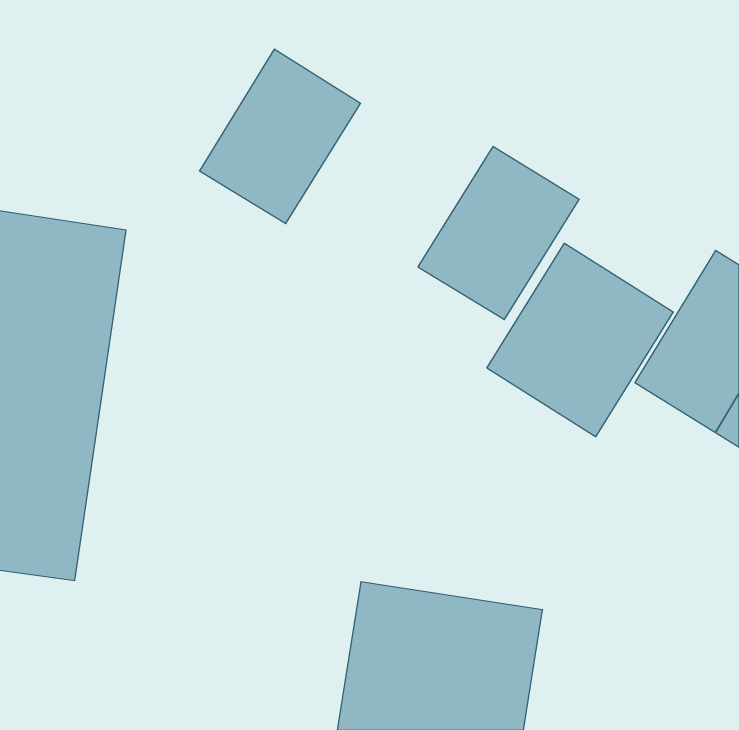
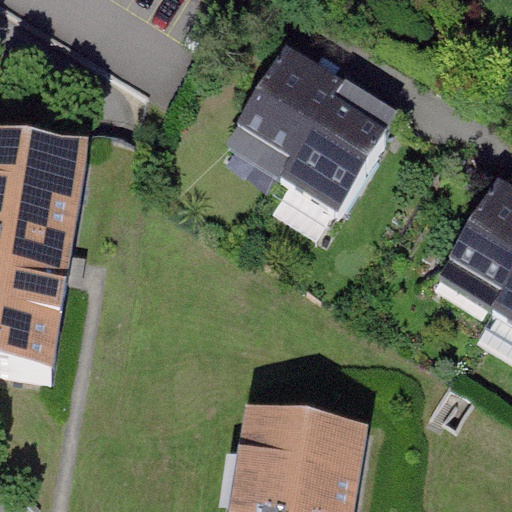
building: [199,49,361,224] -> [226,63,336,182]
building: [487,243,673,437] -> none

